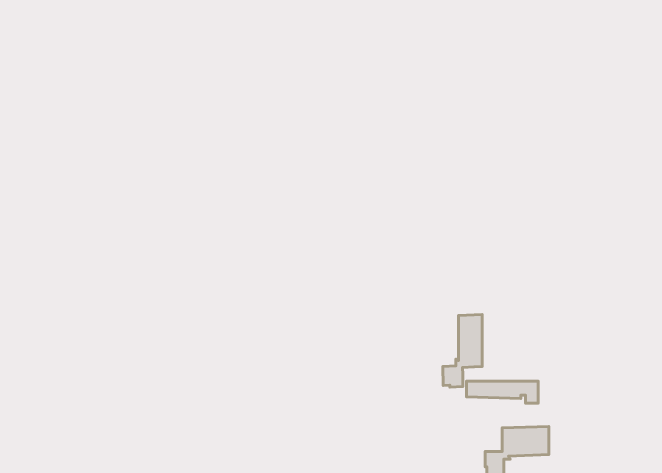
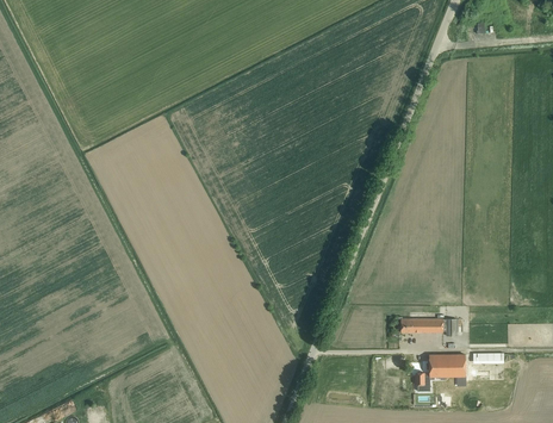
building: [443,315,482,387] -> none

